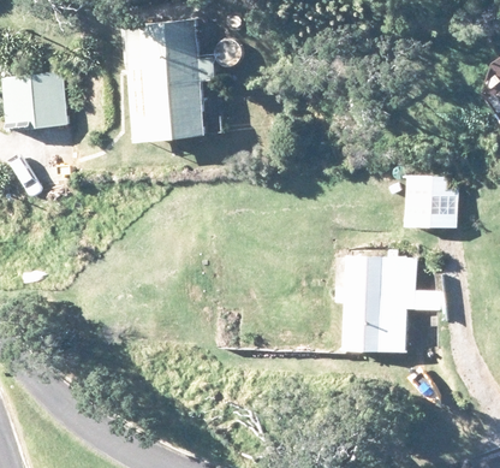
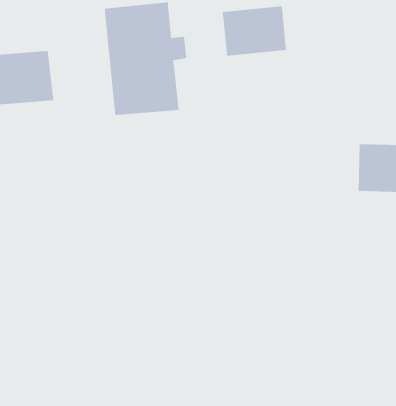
building: none -> [222,5,287,57]
building: [335,256,413,351] -> none

